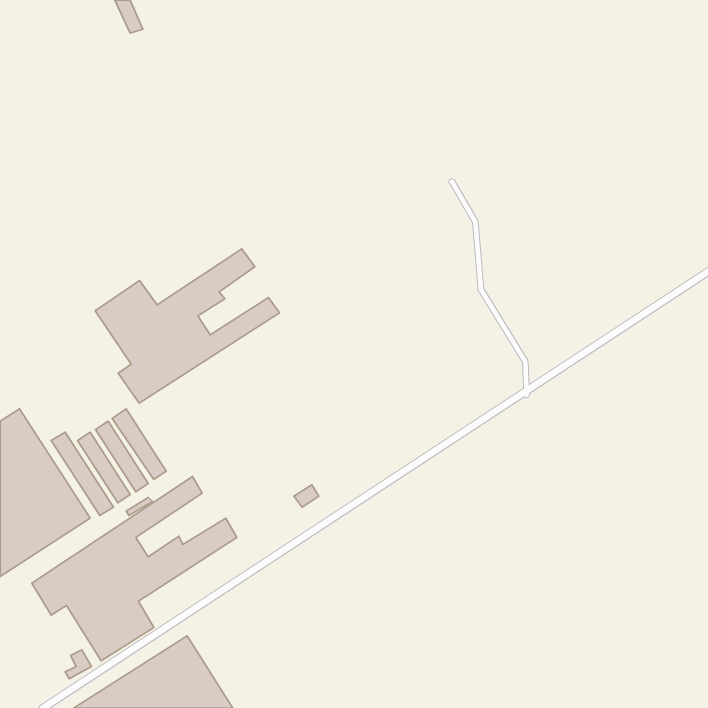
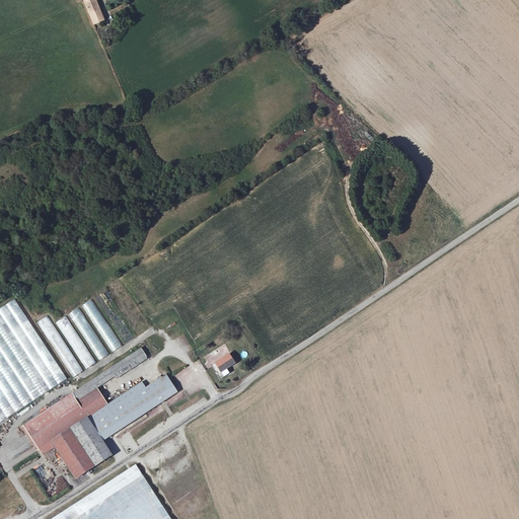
building: [95,249,280,403] -> none

